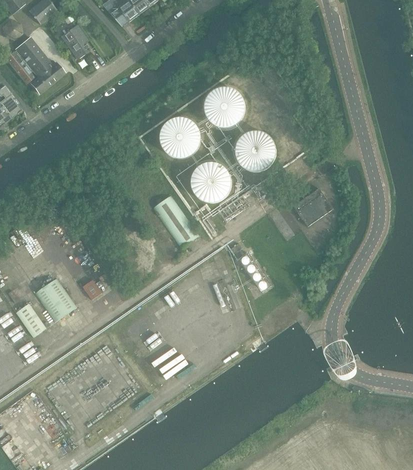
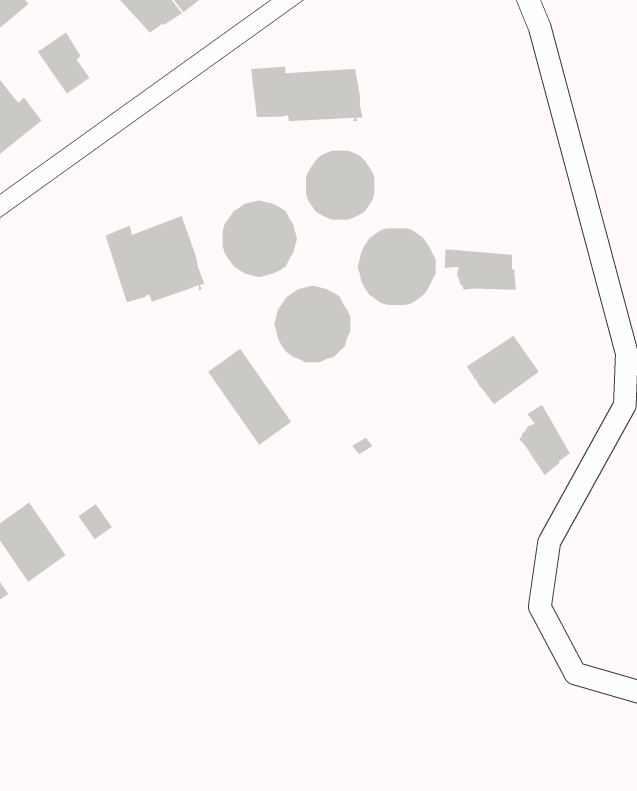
building: none -> [250,66,363,122]
building: none -> [105,215,205,303]
building: none -> [444,249,516,291]
building: none -> [519,404,571,476]

